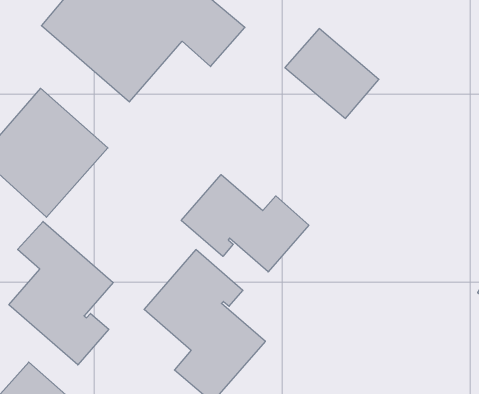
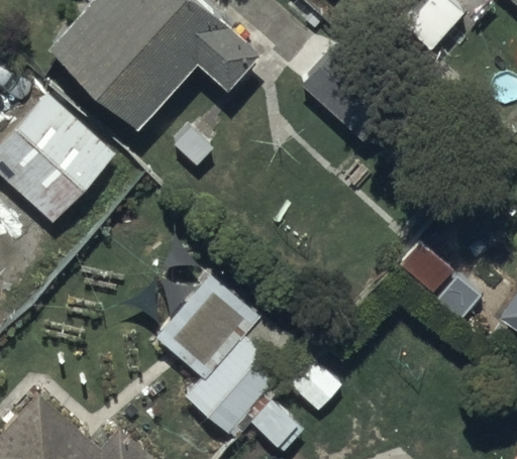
building: [181,175,309,272] -> none
building: [9,221,113,365] -> none

